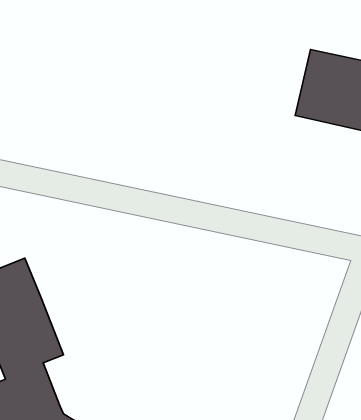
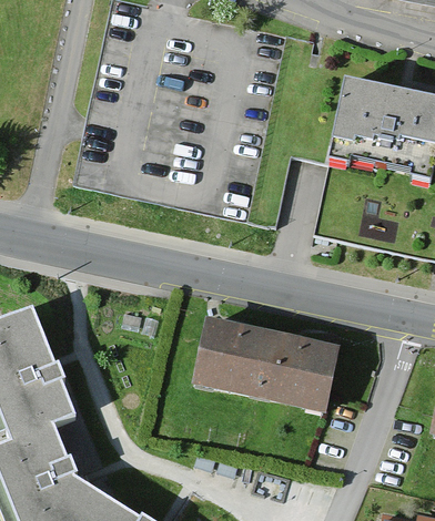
building: none -> [174,314,322,407]

